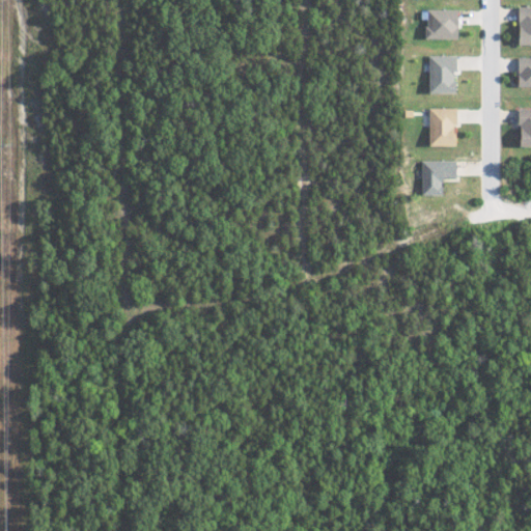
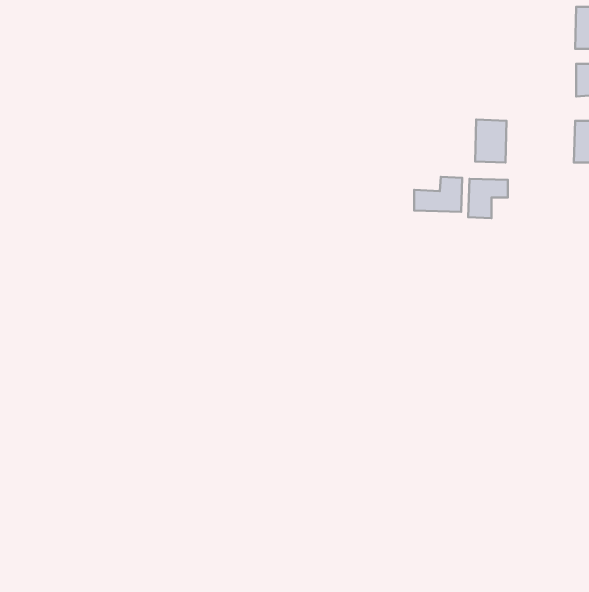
building: [426,10,458,39] -> none
building: [428,56,456,93] -> none
building: none -> [414,177,462,212]

